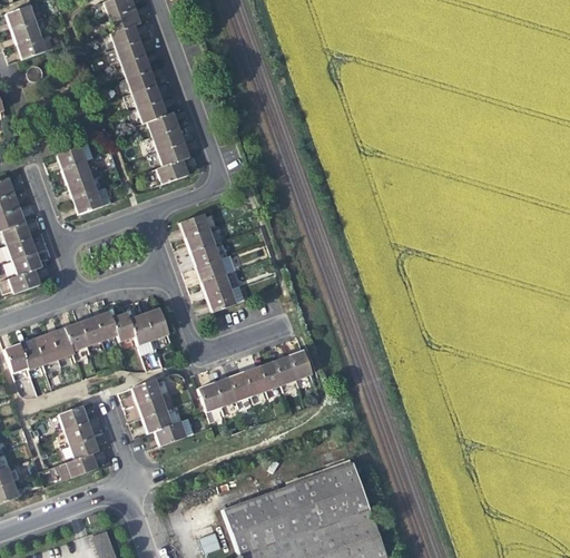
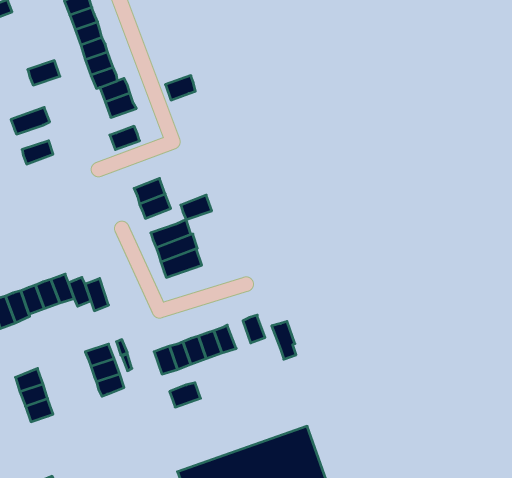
building: [156,144,186,168] -> [165,76,195,100]
building: [61,160,94,185] -> [28,61,60,85]
building: [71,186,114,215] -> none
building: [190,244,222,268] -> [181,195,212,220]
building: [145,309,169,341] -> none
building: [273,356,297,394] -> [272,321,296,359]
building: [153,421,184,446] -> [170,383,201,407]
building: [57,452,98,477] -> none

